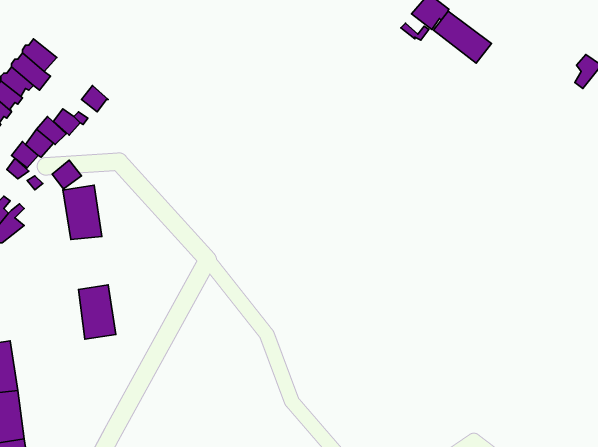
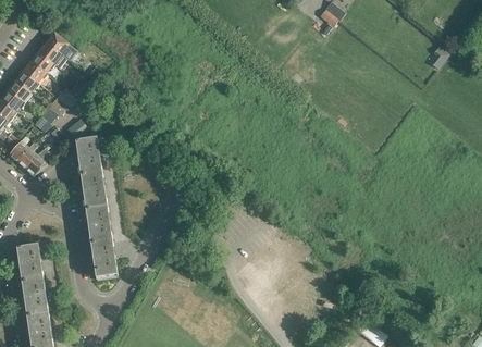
building: [433,11,491,63] -> none
building: none -> [81,171,107,208]
building: none -> [90,239,118,277]

